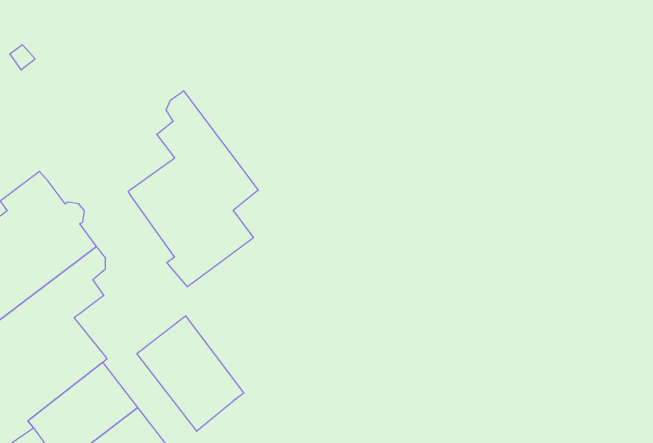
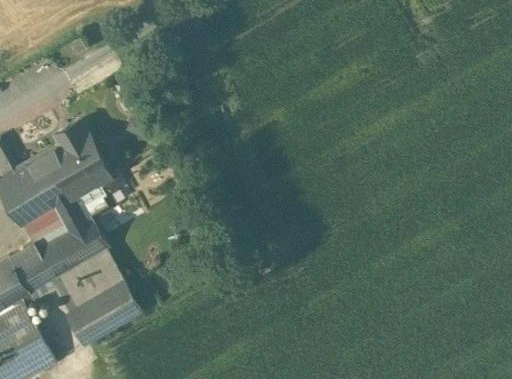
building: [128,91,258,287] -> none
building: [137,316,244,431] -> none

